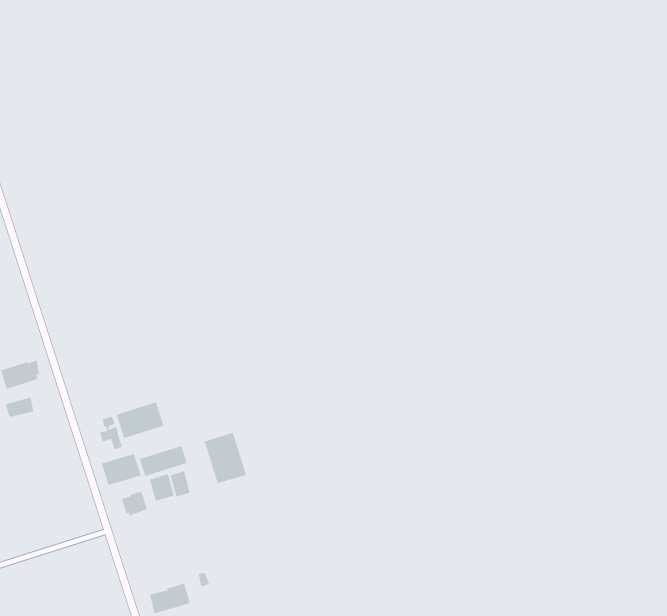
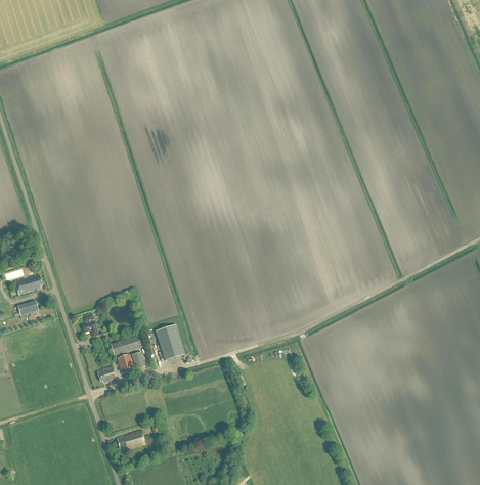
building: [116,402,164,439] -> none
building: [101,453,142,486] -> none

